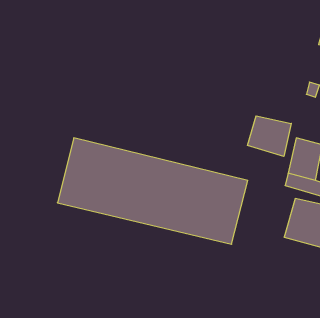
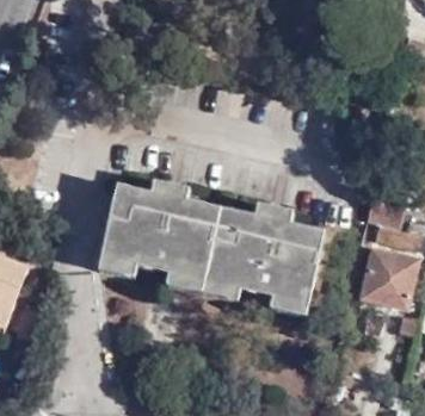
building: [247,116,291,156] -> none

